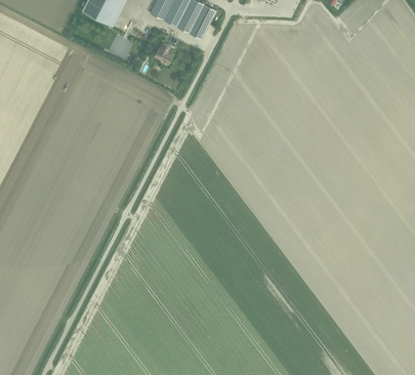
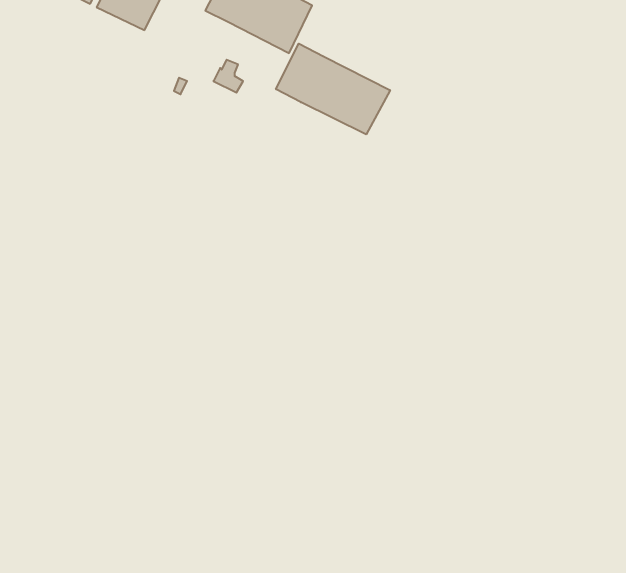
building: none -> [276,44,390,134]

